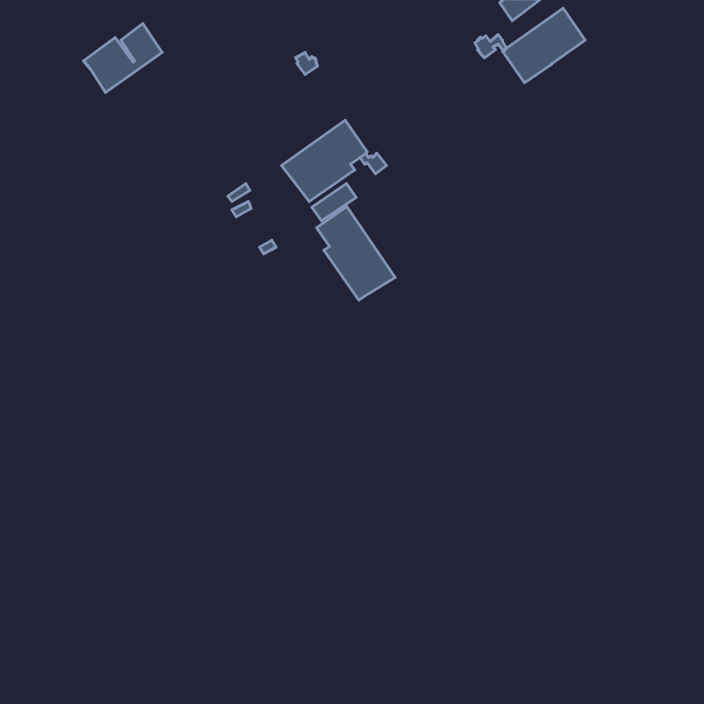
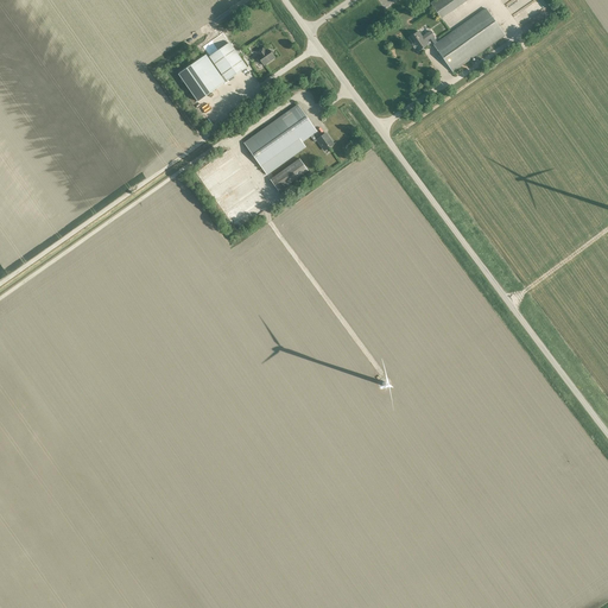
building: [83,24,162,93] -> [177,42,245,101]
building: [317,206,395,300] -> none

